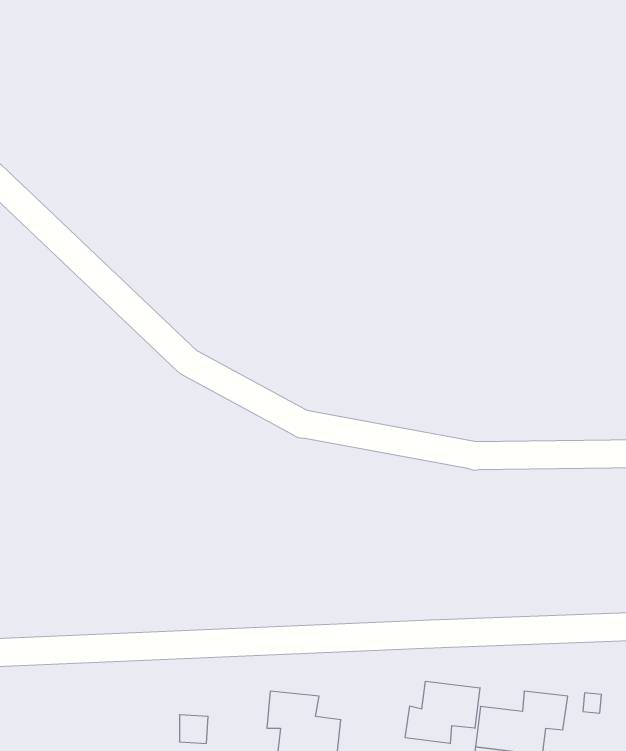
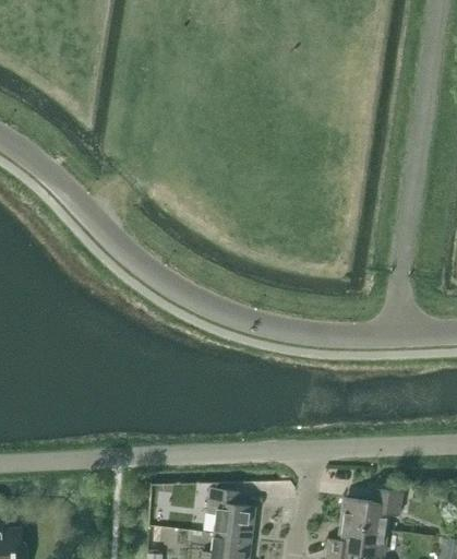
building: [405,681,480,744] -> none

